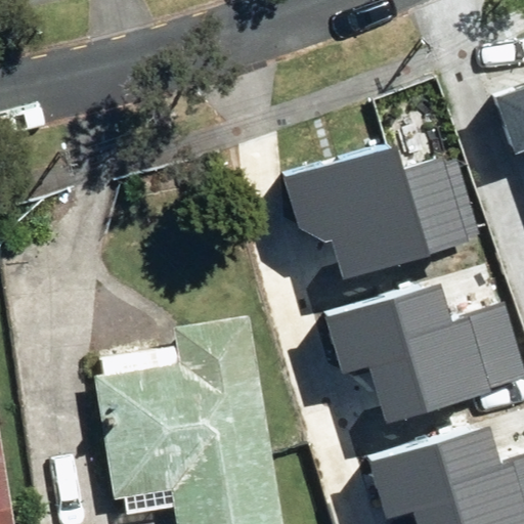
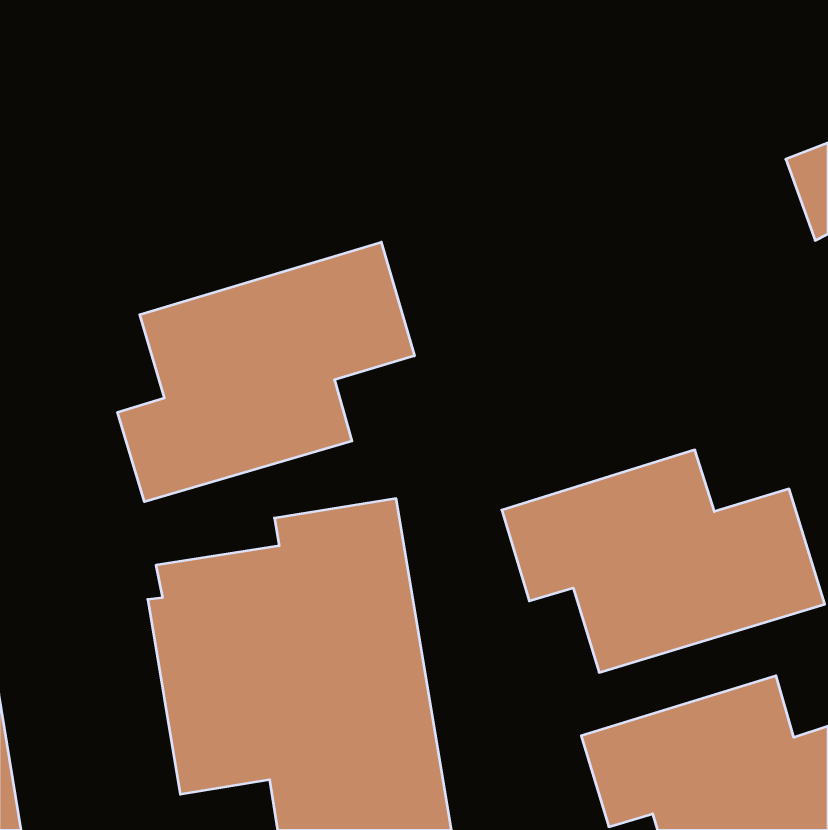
building: [285,143,480,279] -> none
building: none -> [118,242,414,502]

